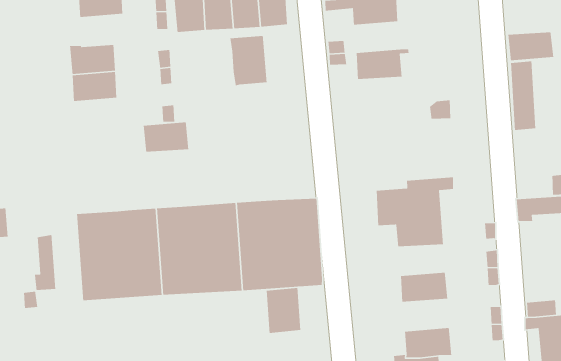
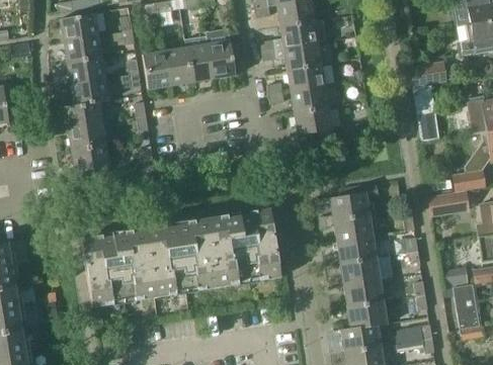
building: none -> [71,77,109,105]
building: none -> [287,64,326,91]
building: [229,35,268,86] -> none
building: none -> [295,107,335,140]
building: [143,122,189,152] -> [72,144,110,171]
building: [34,234,56,291] -> none
building: none -> [338,237,378,264]
building: [266,287,301,334] -> none
building: none -> [345,279,385,307]

